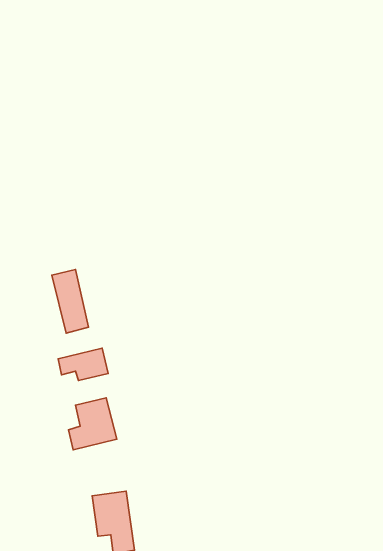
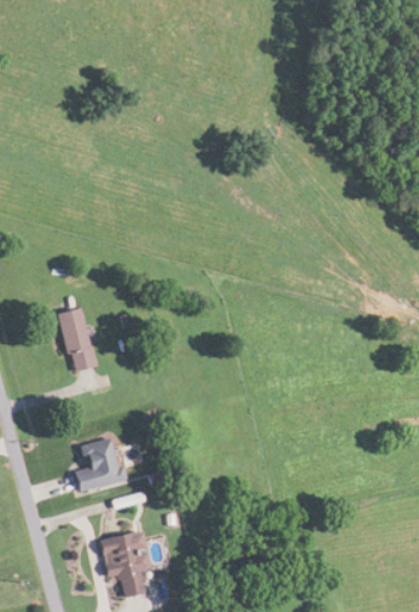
building: [58,348,108,381] -> none

